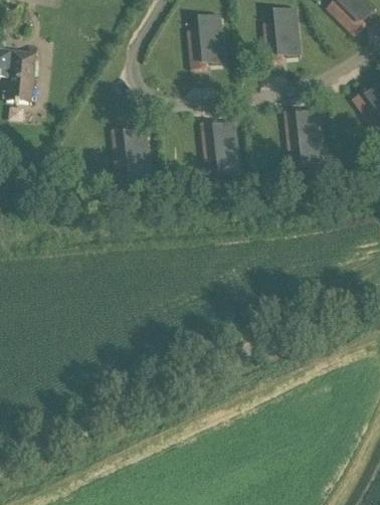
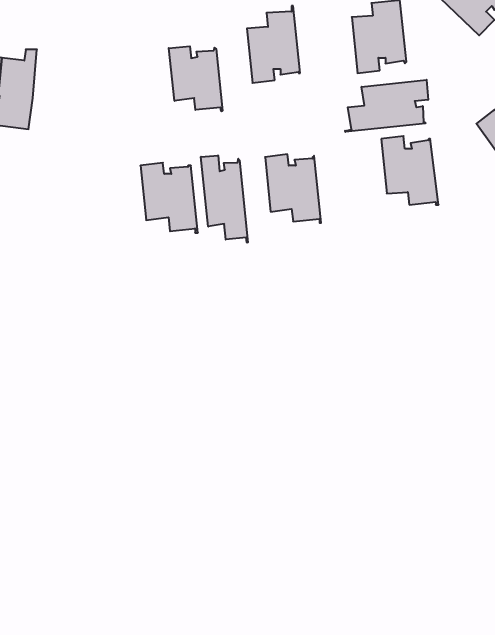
building: none -> [169,46,222,111]
building: none -> [345,80,428,132]
building: none -> [201,155,248,243]

